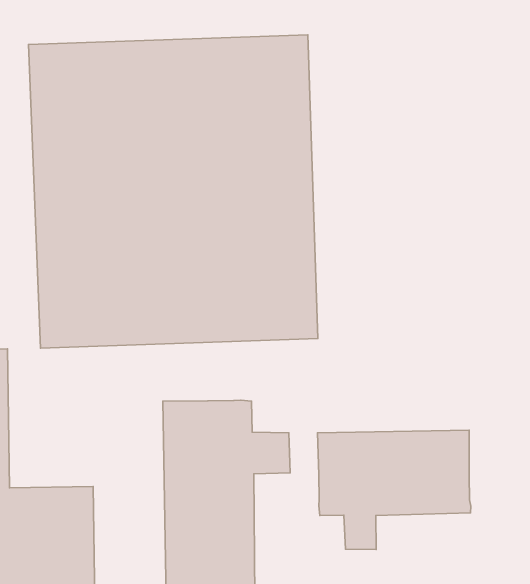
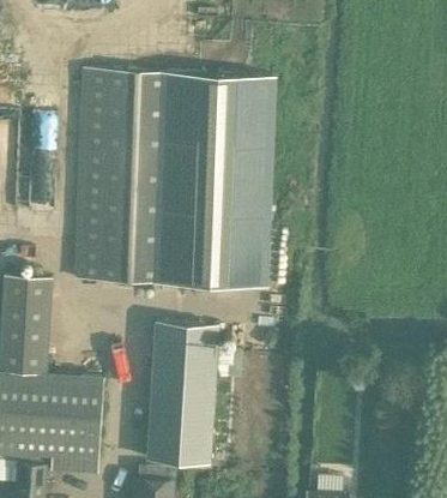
building: [317,430,471,549] -> none

